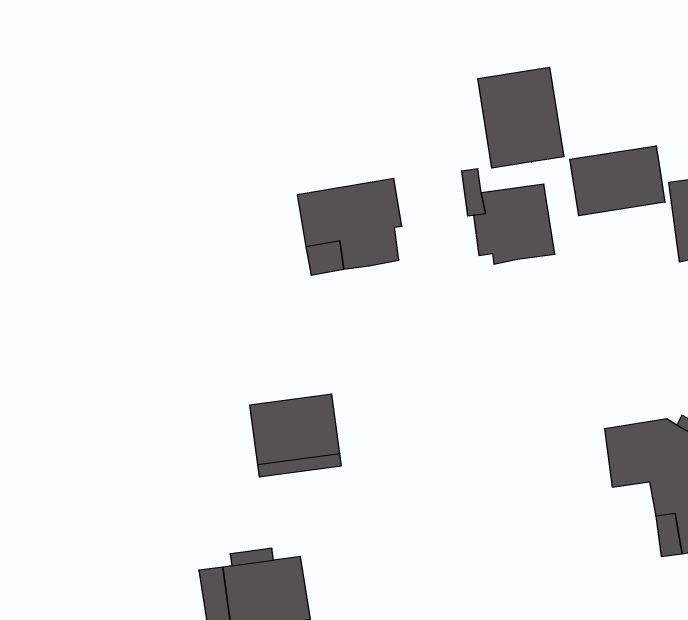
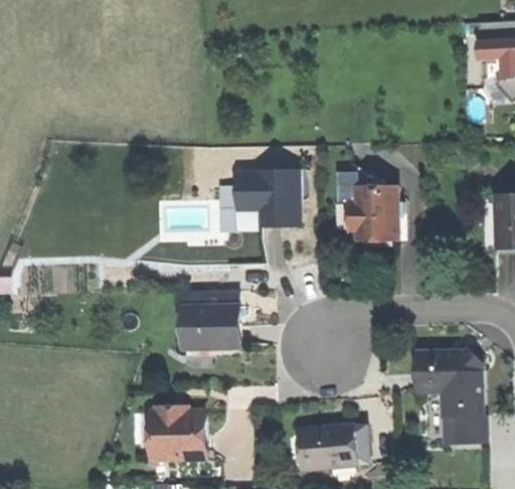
building: [478,67,564,168] -> none
building: [570,146,665,216] -> none
building: none -> [309,422,360,464]

